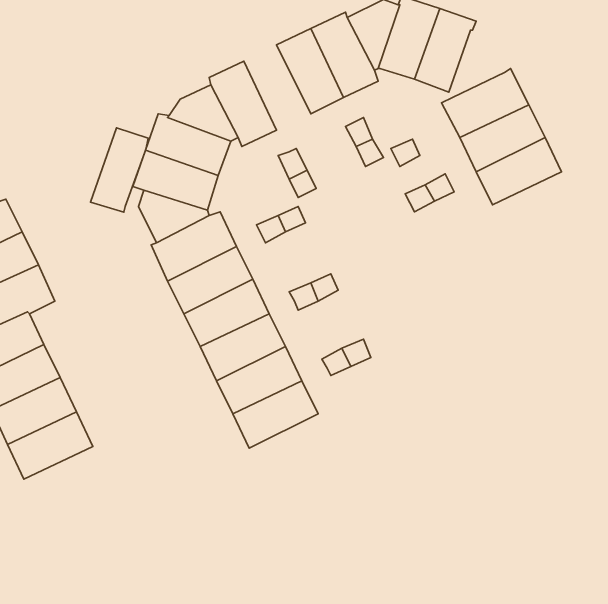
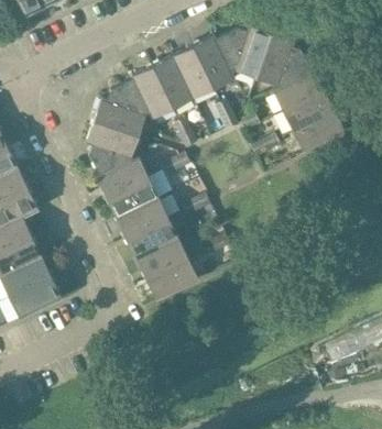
building: none -> [277,46,312,87]
building: none -> [153,55,194,107]
building: [90,128,148,212] -> none

